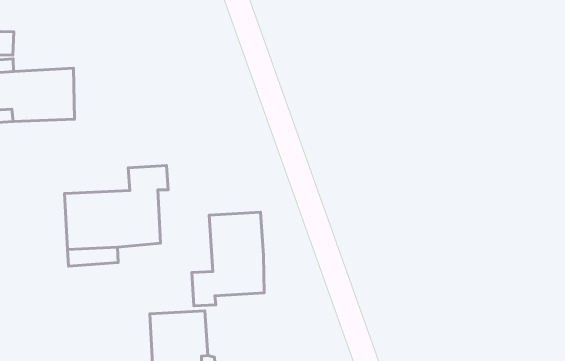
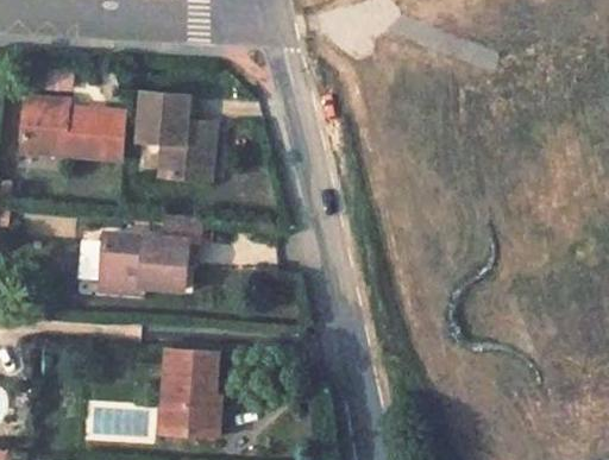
building: none -> [144,90,227,178]
building: [192,212,264,306] -> none

